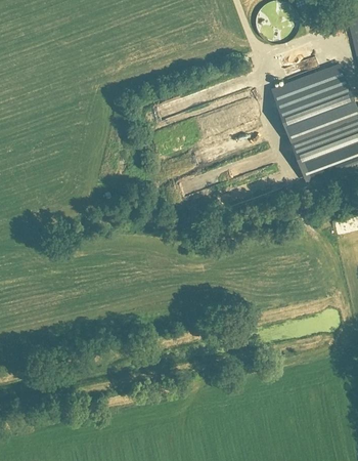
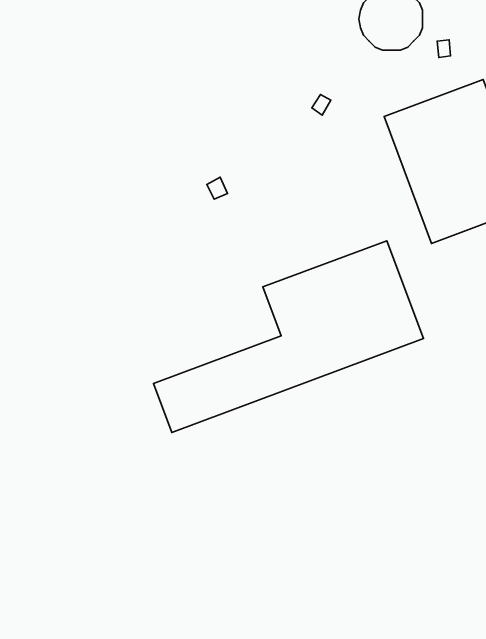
building: none -> [153,241,424,432]

